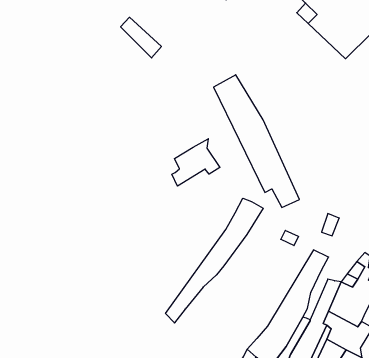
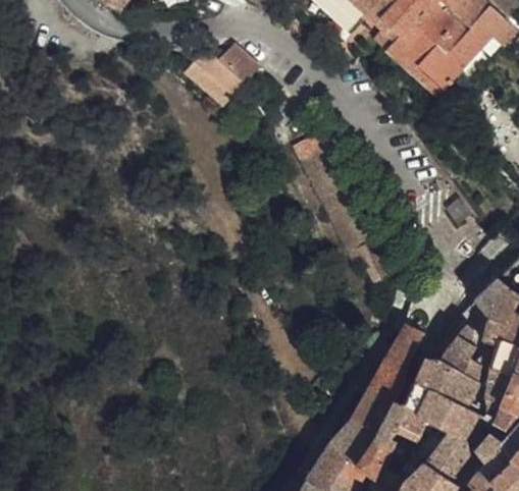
building: none -> [193,44,256,93]
building: [172,139,220,186] -> none
building: [166,198,263,323] -> none

